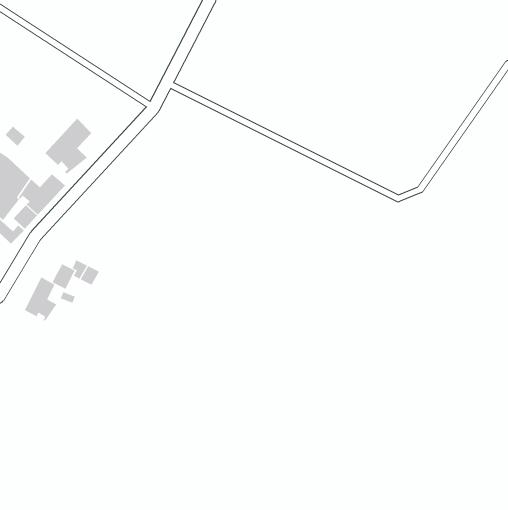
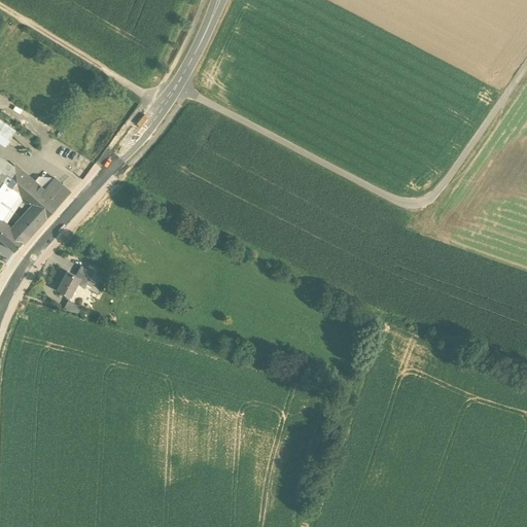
building: [45,118,92,174] -> none
building: [24,276,57,322] -> none

